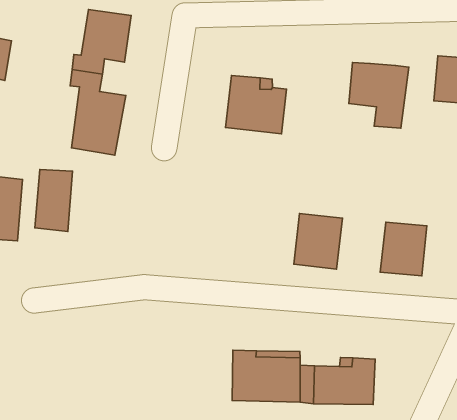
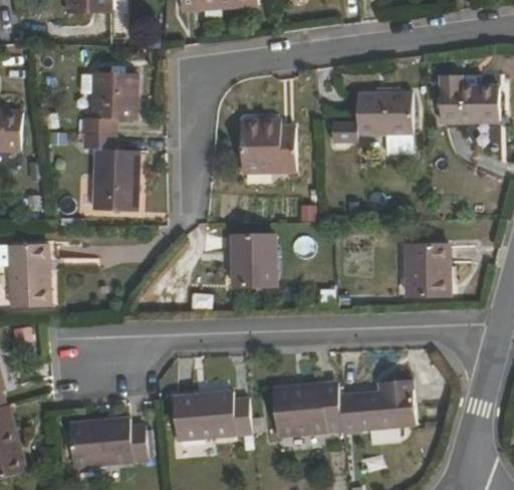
building: [35,170,73,231] -> none
building: [294,213,342,269] -> [232,235,274,285]
building: none -> [175,392,251,439]
building: none -> [68,417,148,465]

